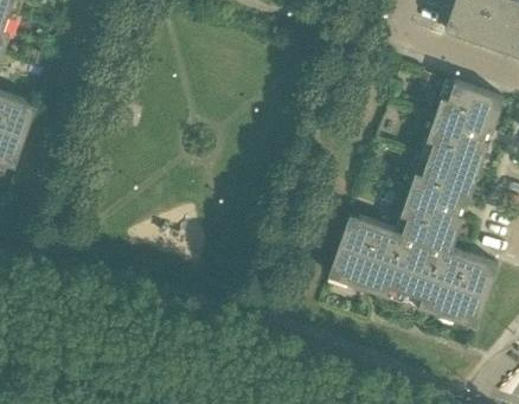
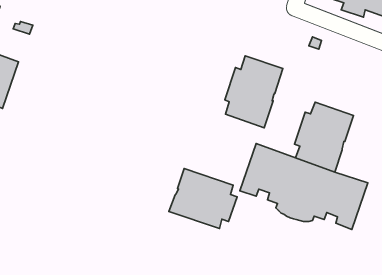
building: [425,82,502,177] -> [225,56,283,128]
building: none -> [169,169,237,228]

